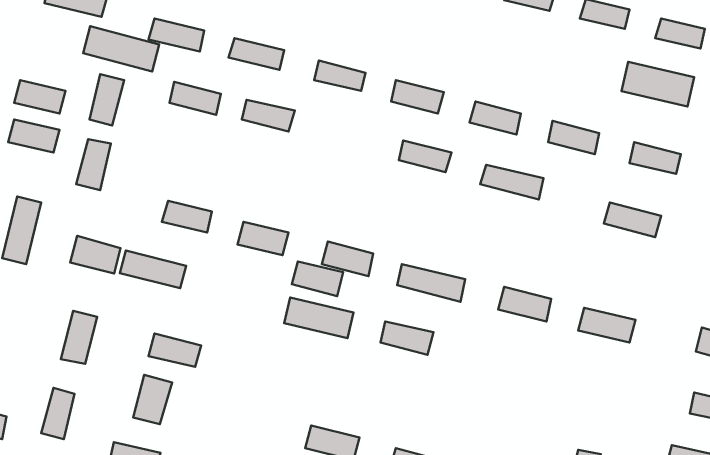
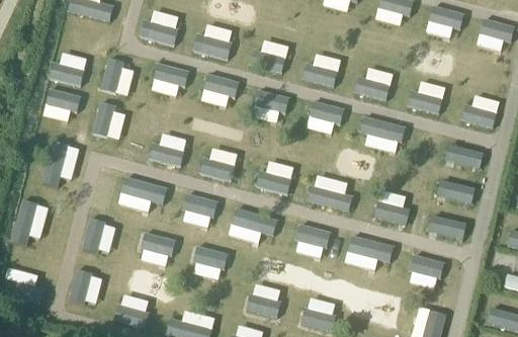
building: [83,26,159,72] -> none
building: [622,62,694,107] -> none
building: none -> [255,90,288,113]
building: [70,236,120,273] -> none
building: none -> [436,178,479,203]
building: [292,262,343,296] -> [183,194,218,218]
building: none -> [348,237,394,263]
building: none -> [193,246,228,269]
building: none -> [409,255,444,278]
building: [133,375,172,424] -> none

